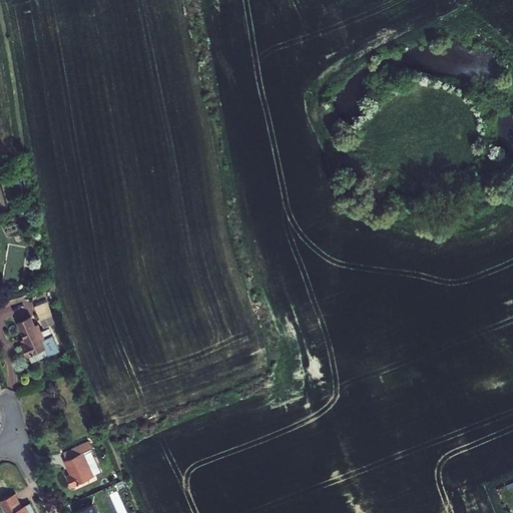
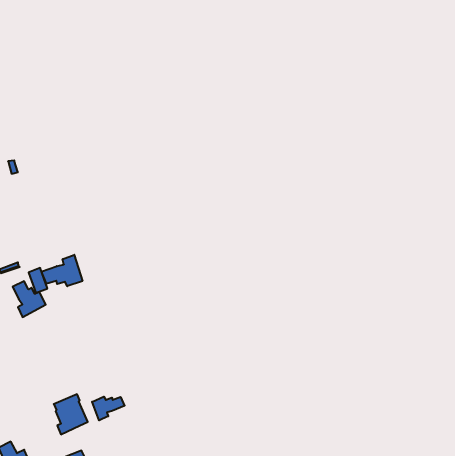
building: none -> [42,255,82,286]
building: none -> [92,397,125,420]

